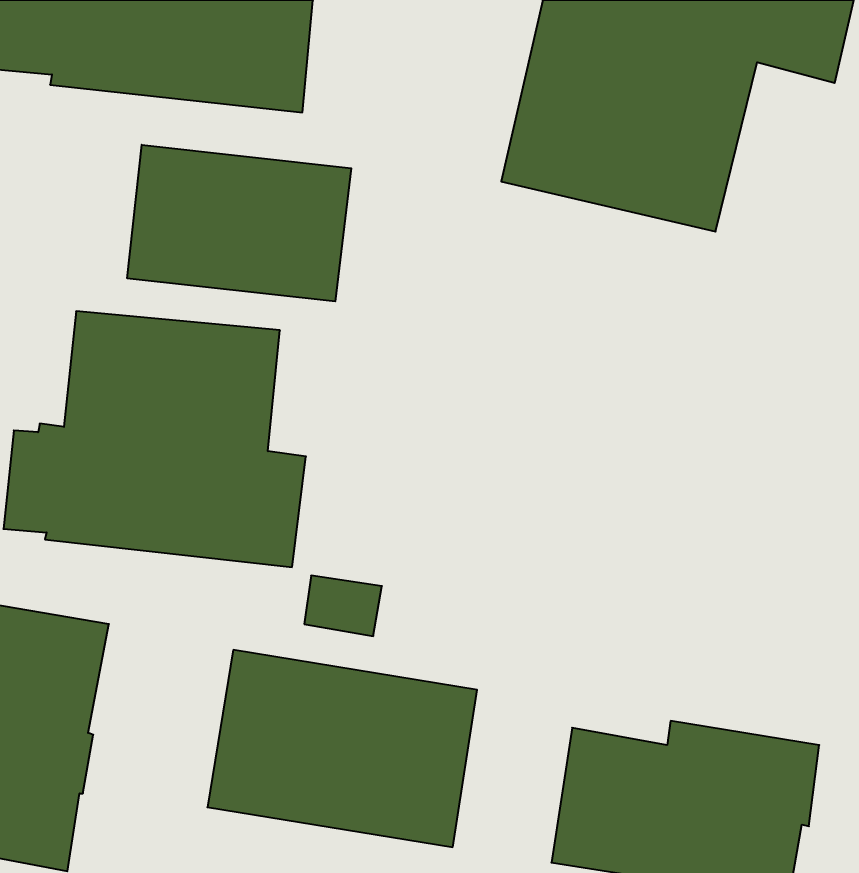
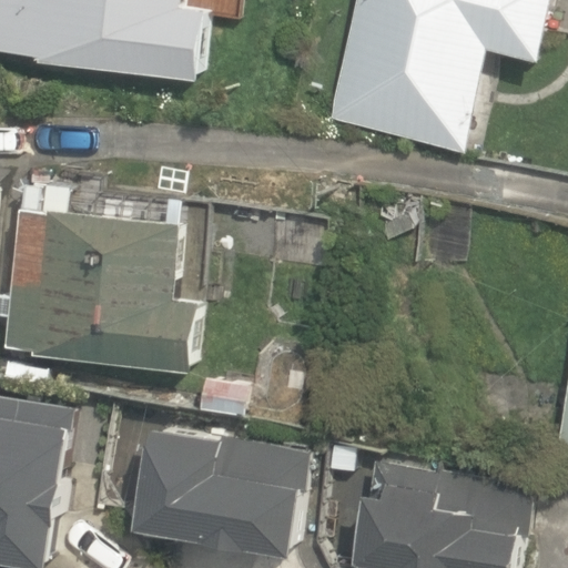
building: [127,145,351,301] -> none

